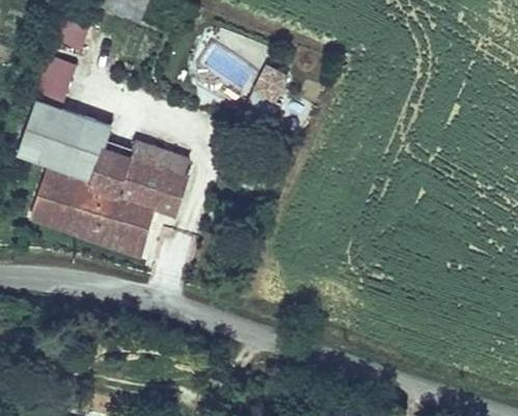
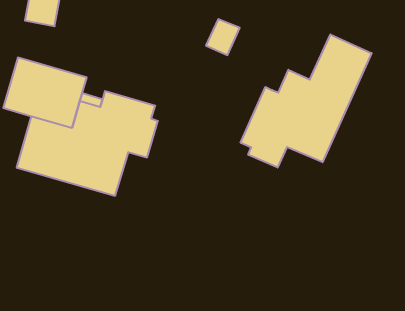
building: [36,56,76,101] -> none
building: none -> [241,34,372,168]

